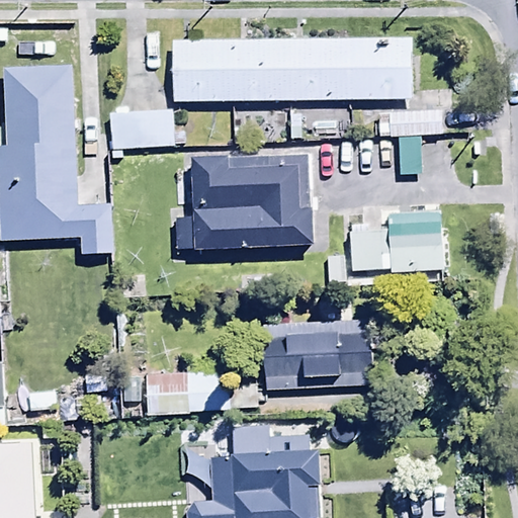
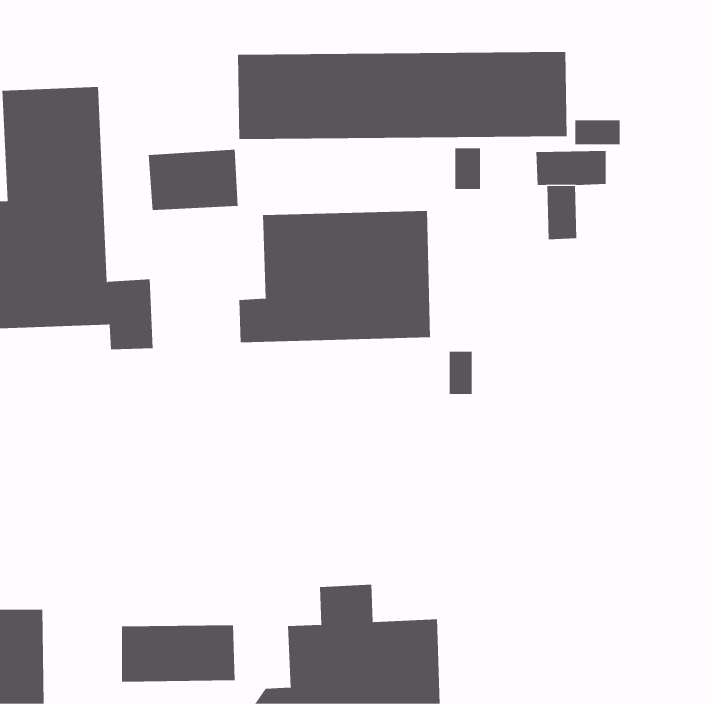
building: [350,209,441,270] -> none
building: [259,319,373,388] -> none
building: [146,371,229,413] -> [121,625,235,682]

